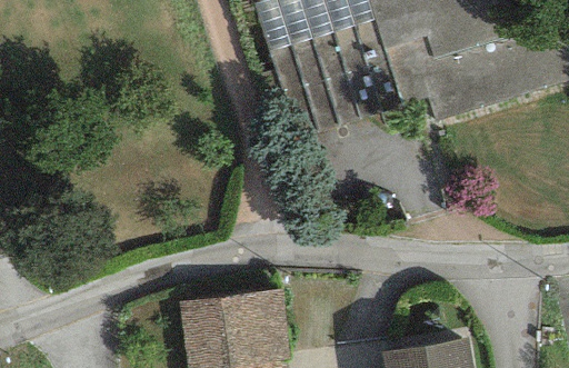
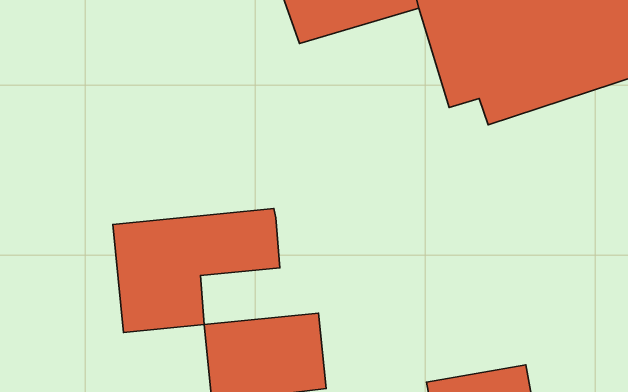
building: none -> [113,208,280,333]

